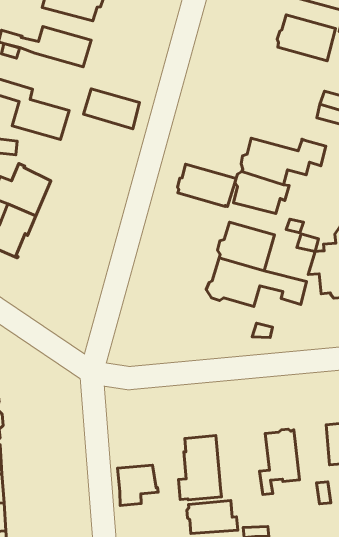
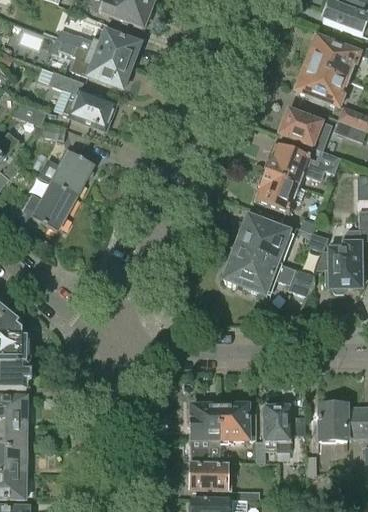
building: none -> [296,64,349,106]
building: [83,89,140,129] -> [80,50,131,89]
building: [177,164,236,207] -> [279,108,332,149]
building: none -> [220,404,255,438]
building: [117,465,158,506] -> none

